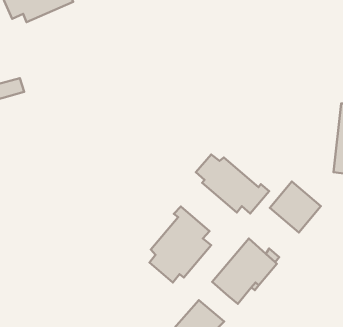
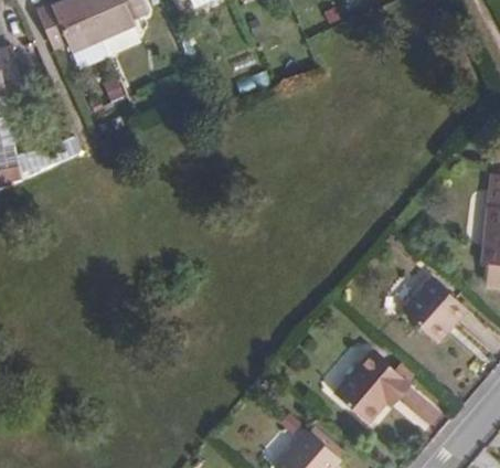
building: [196,154,269,213] -> none
building: [149,206,211,283] -> none

